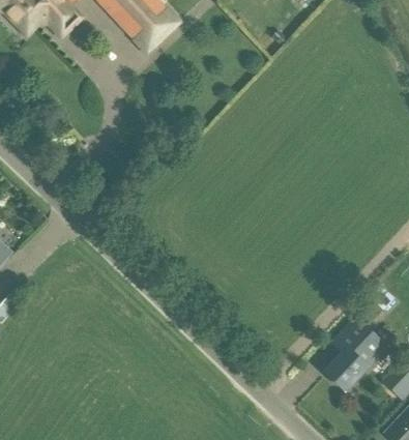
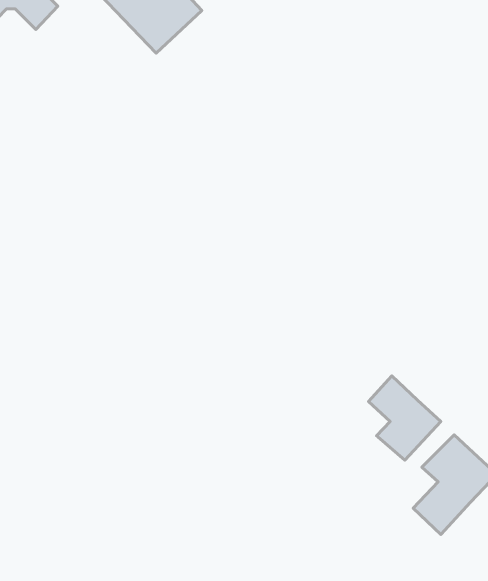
building: none -> [368,376,441,460]

